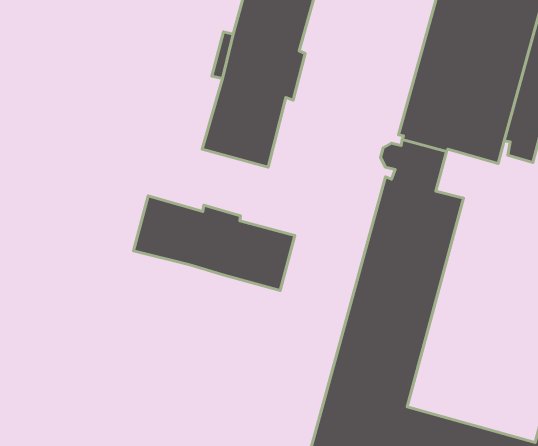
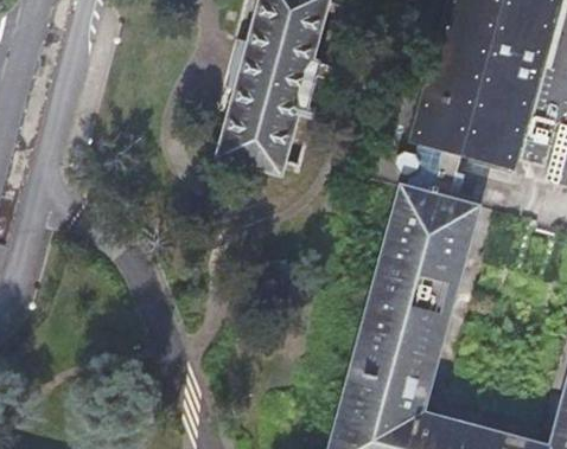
building: [133,196,295,290] -> none

